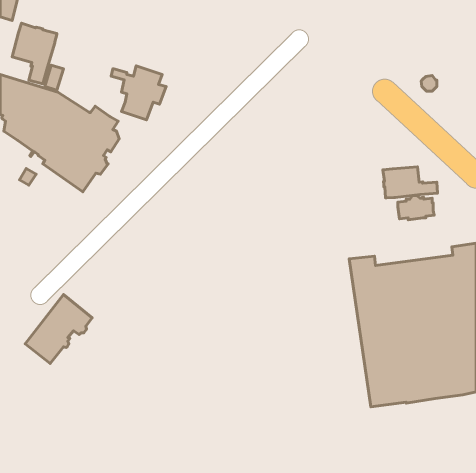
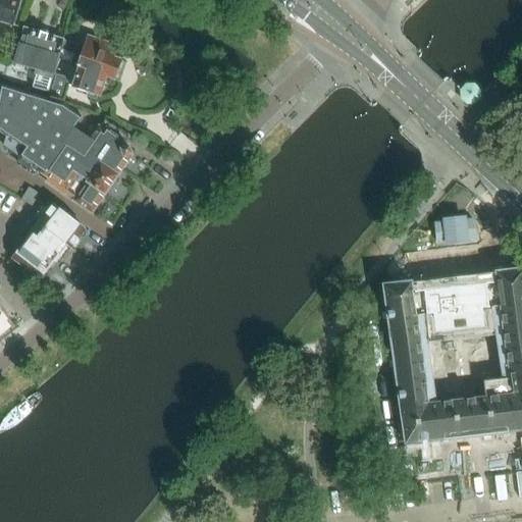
building: [111,66,166,120] -> [60,35,120,94]
building: [383,167,438,198] -> none
building: [25,295,92,363] -> [11,202,85,277]

